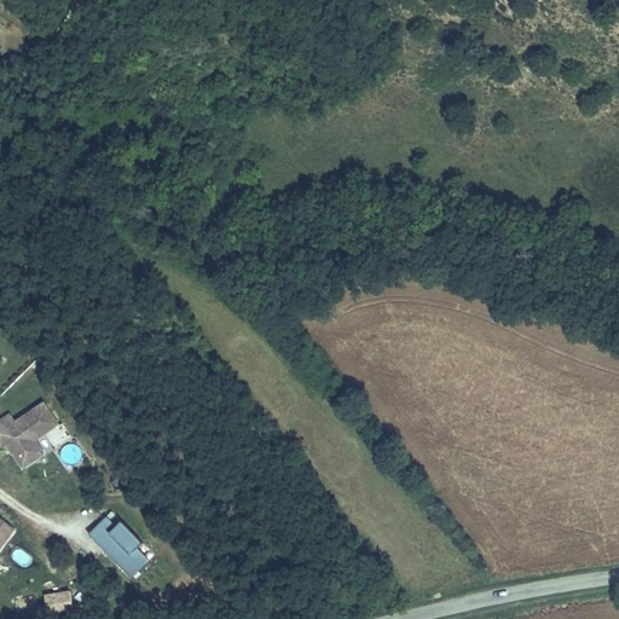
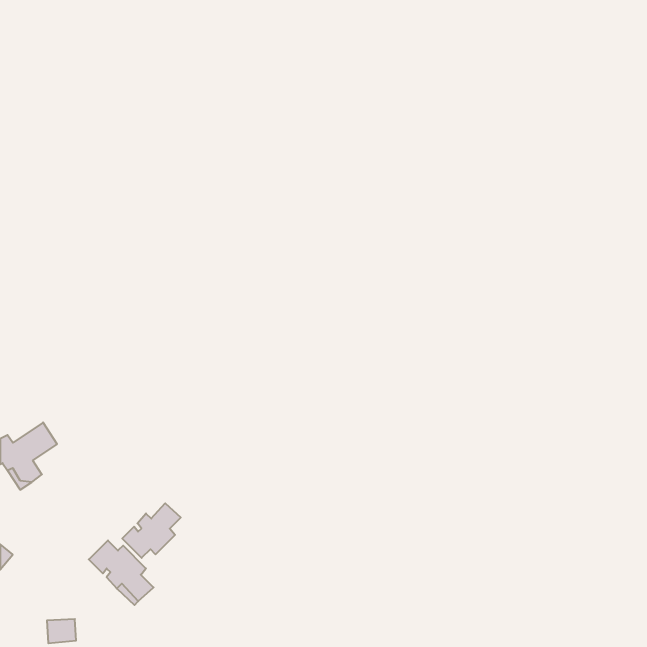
building: none -> [122,503,181,558]

